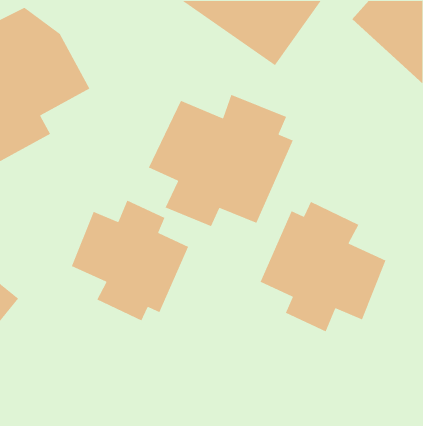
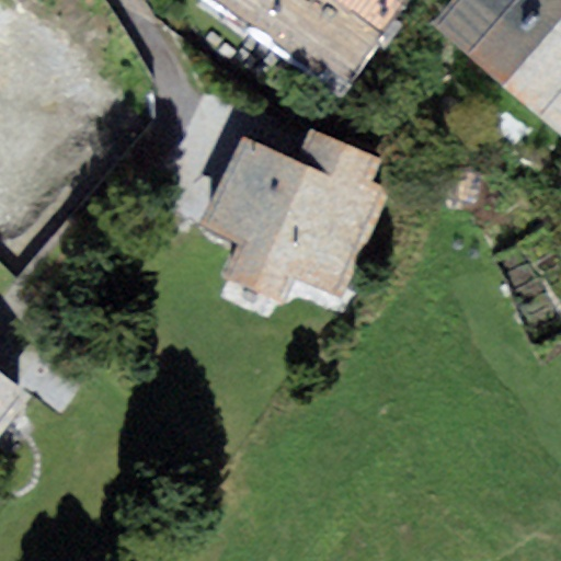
building: [71,200,189,322] -> none
building: [259,201,386,333] -> none

